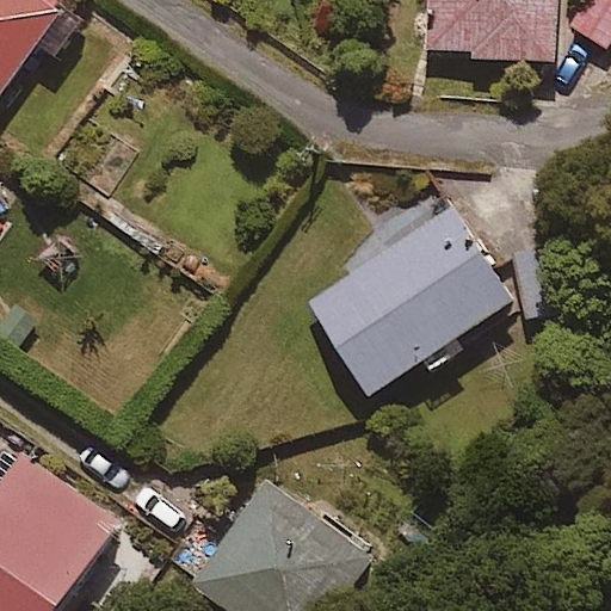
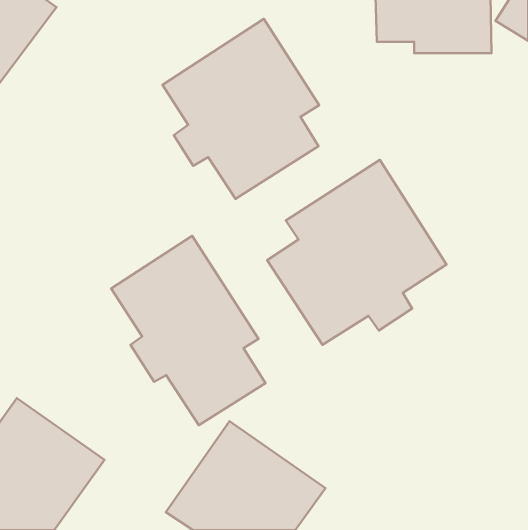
building: none -> [162,19,319,199]
building: none -> [111,236,266,425]

